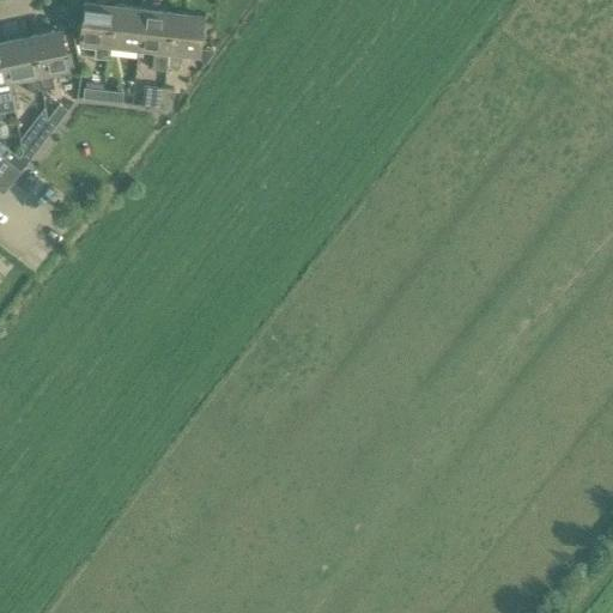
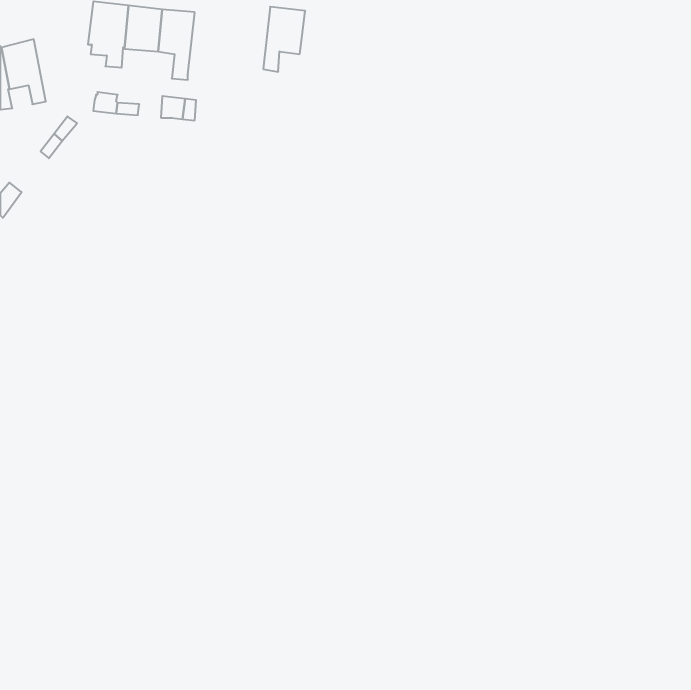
building: [166,12,204,69] -> [263,7,305,72]
building: [30,30,67,91] -> none

